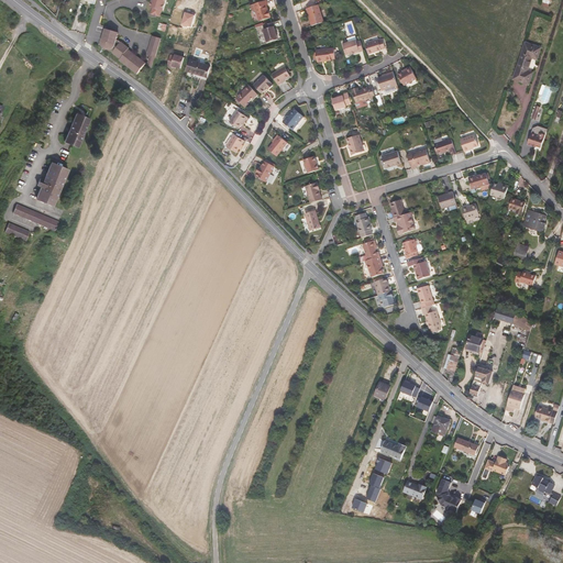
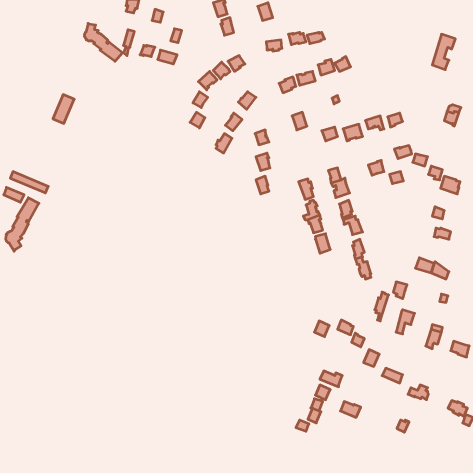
building: [34,162,67,205] -> none
building: none -> [6,198,39,251]
building: [434,478,461,514] -> none

